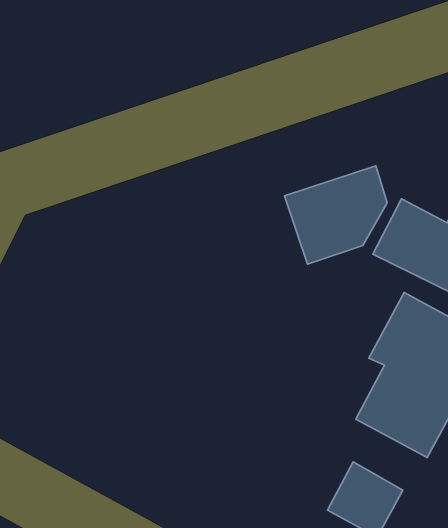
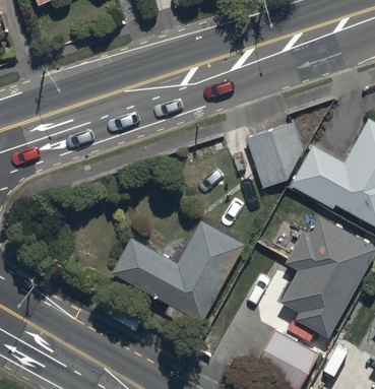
building: none -> [113,219,245,321]

